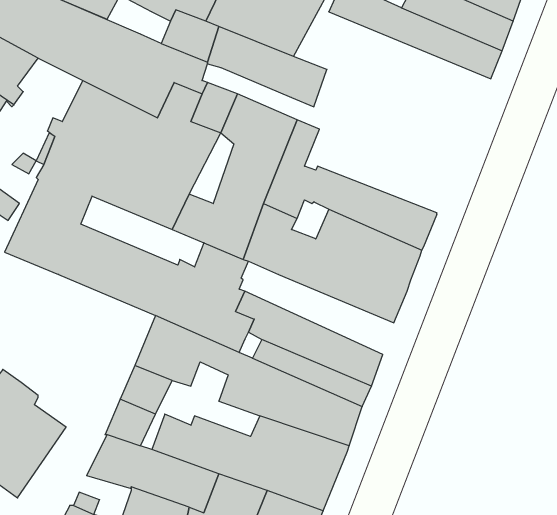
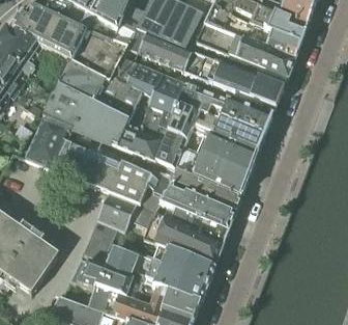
building: none -> [196,21,294,77]
building: none -> [196,53,284,106]
building: none -> [191,86,271,133]
building: none -> [154,167,240,212]

